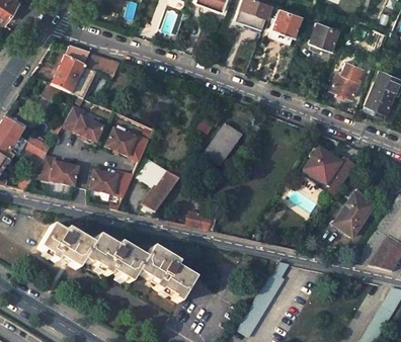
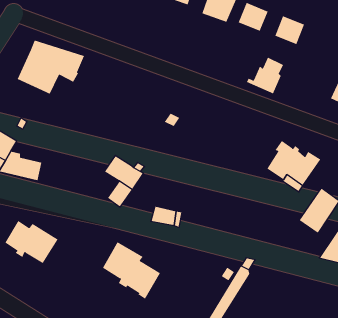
building: [325,61,363,98] -> [246,57,284,94]
building: [63,105,103,140] -> none
building: [205,123,241,165] -> none
building: [106,127,149,160] -> none
building: [91,171,134,196] -> none
building: [83,235,145,283] -> none

